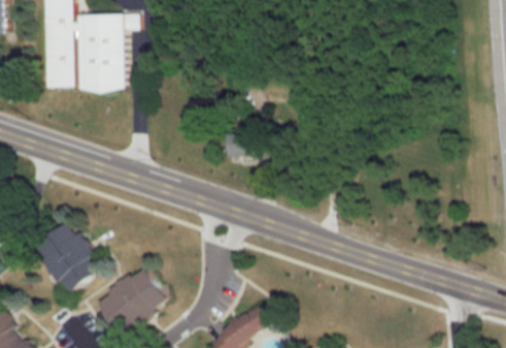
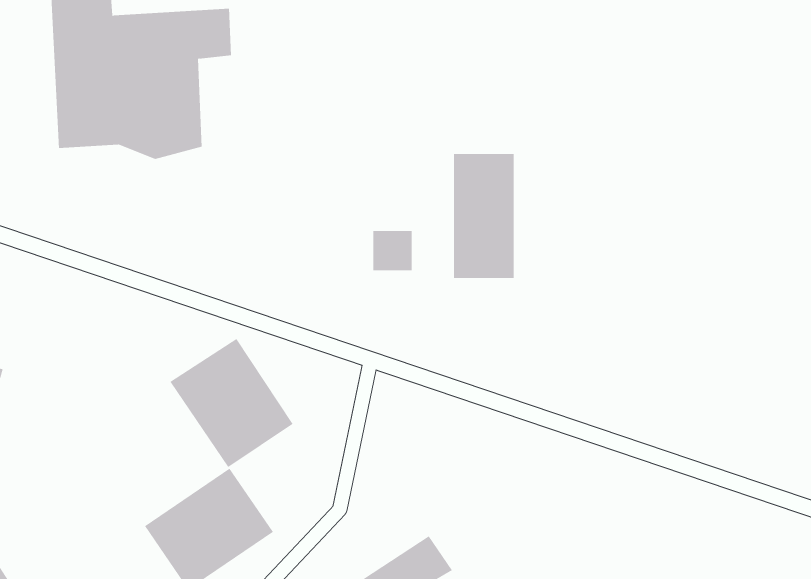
building: none -> [453,153,514,279]
building: [32,222,102,295] -> [169,338,294,468]

